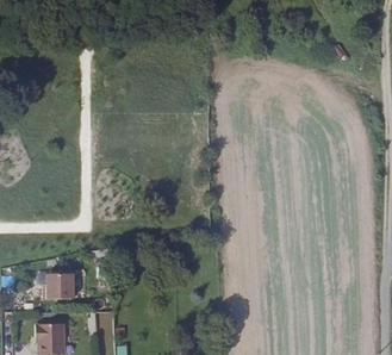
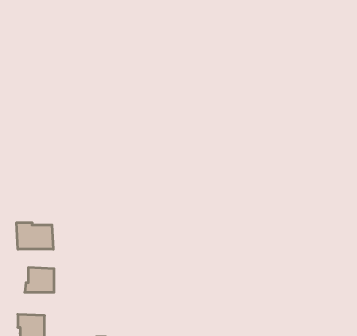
building: none -> [17,223,53,249]

